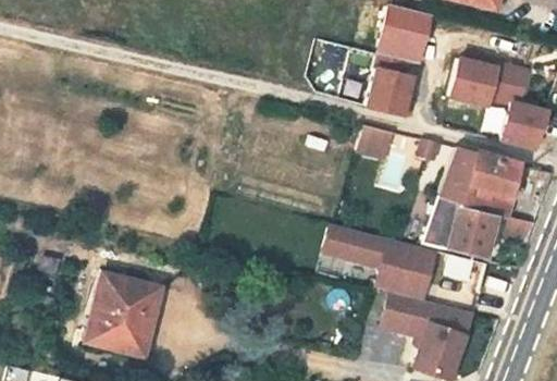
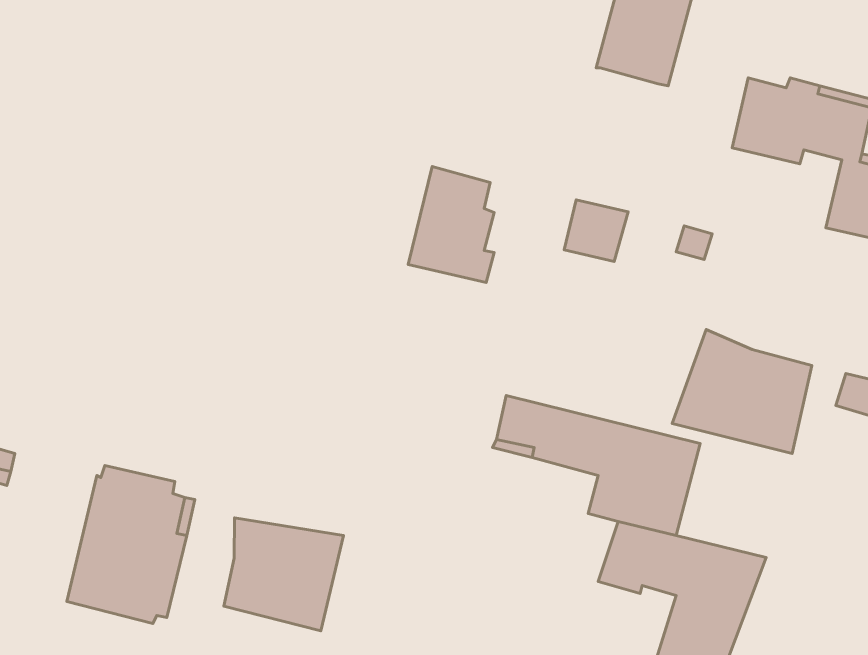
building: [367,52,413,115] -> [408,166,494,282]
building: [437,146,521,218] -> none
building: none -> [224,518,343,631]

